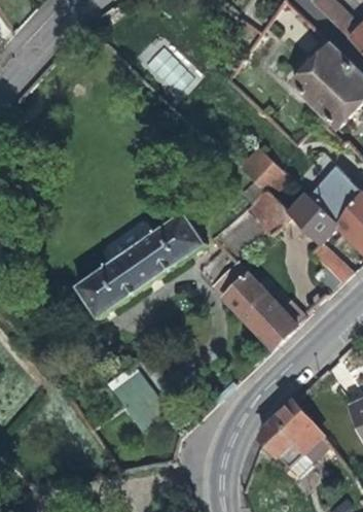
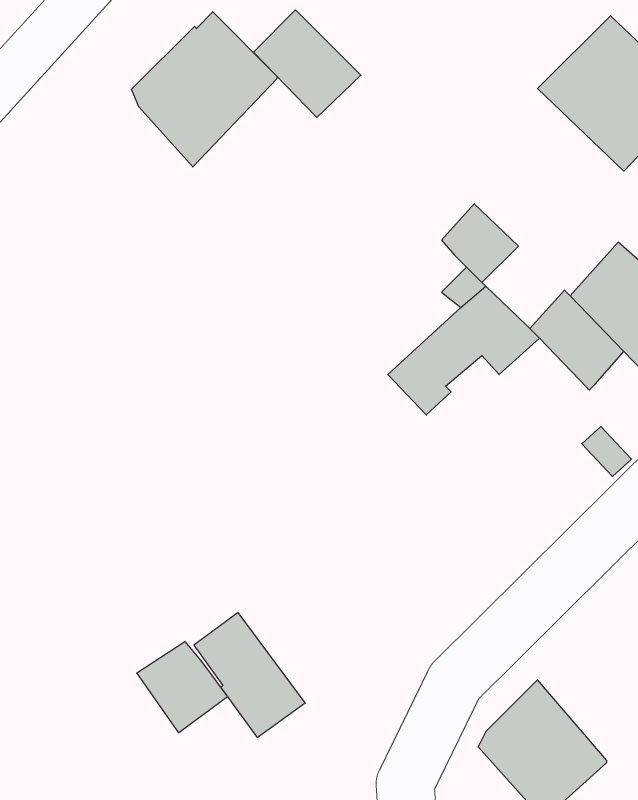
building: none -> [132,12,277,167]
building: [76,212,205,317] -> none
building: [212,261,306,349] -> none
building: none -> [137,642,228,733]

